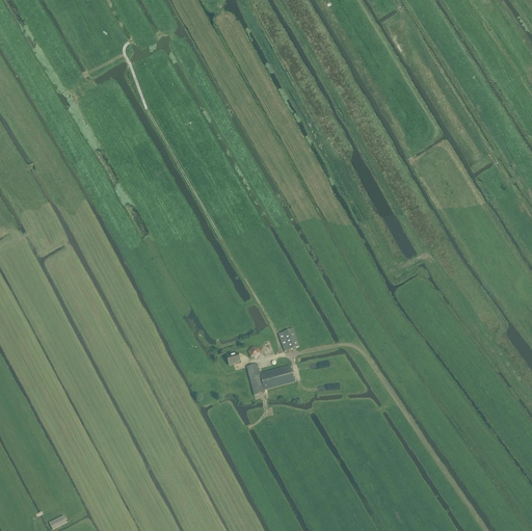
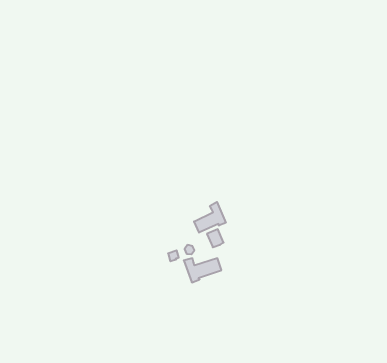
building: none -> [194,202,226,233]

